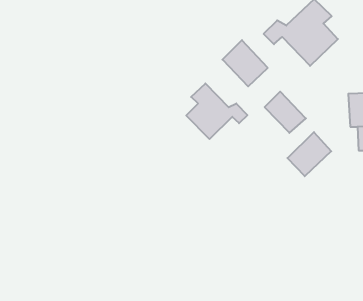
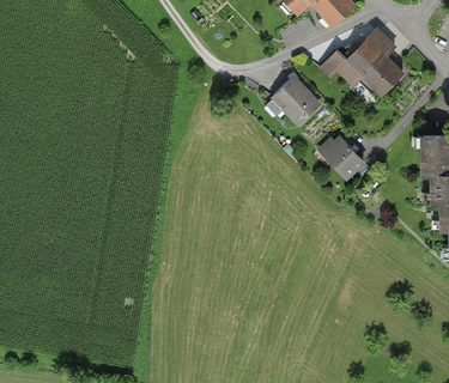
building: [186,83,247,139] -> none
building: [287,132,331,176] -> none

